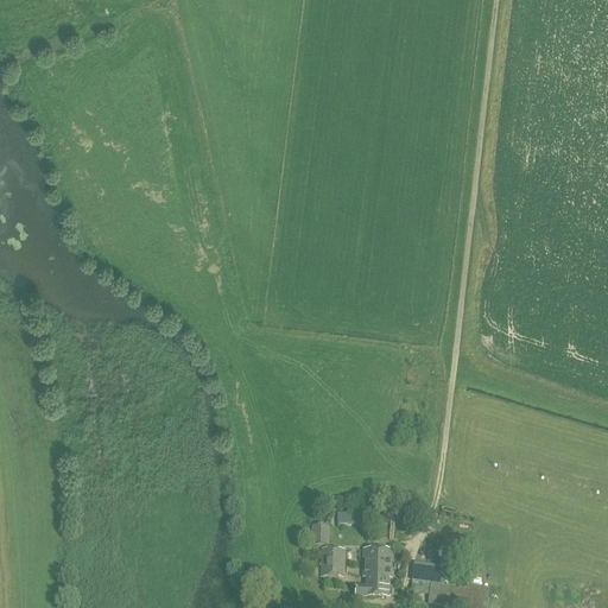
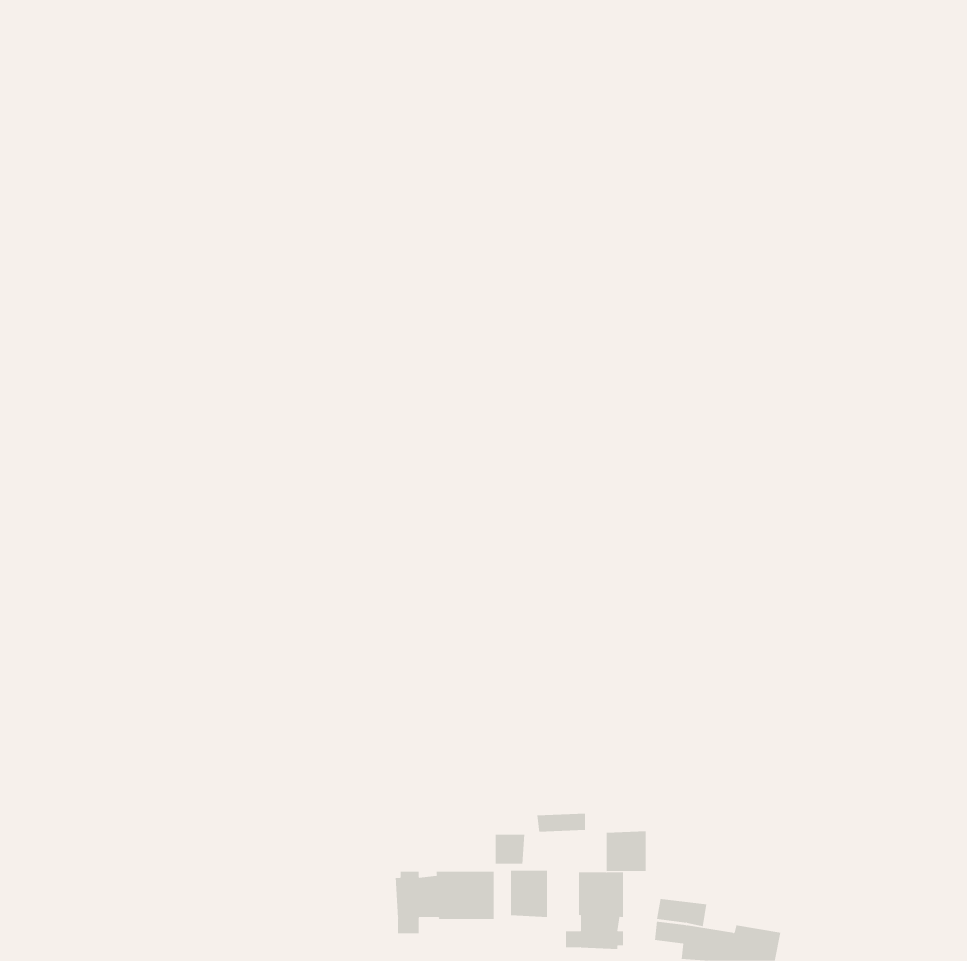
building: none -> [606,831,646,872]
building: none -> [395,871,494,934]

